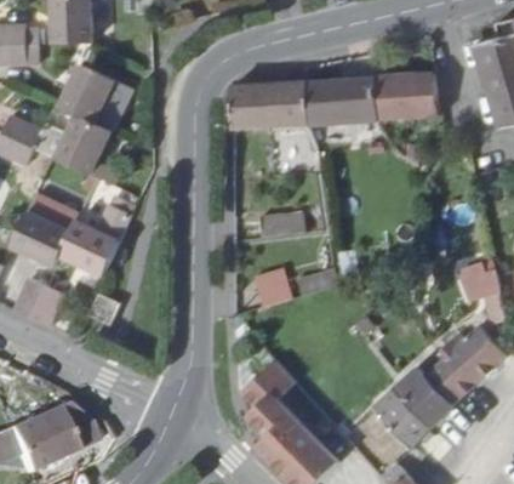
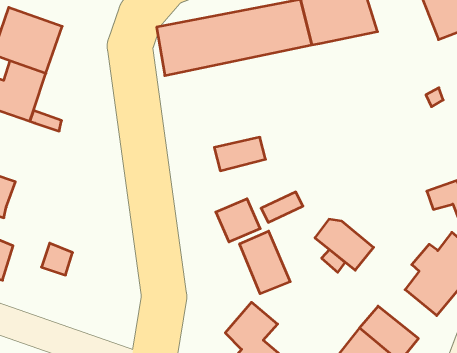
building: [56,194,128,268] -> none
building: none -> [240,231,290,294]
building: [396,374,451,426] -> [315,219,374,270]

